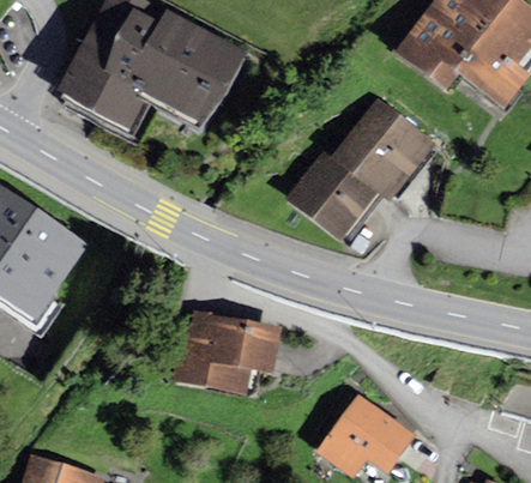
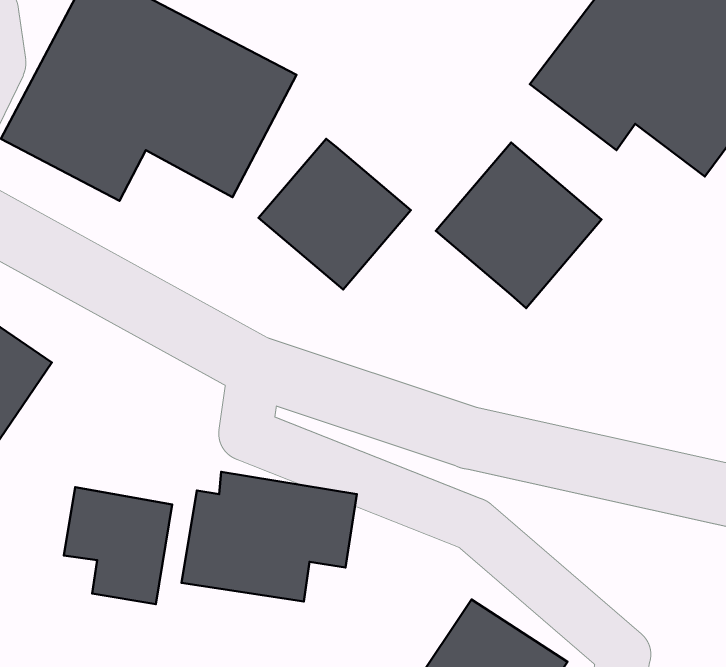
building: [282,150,379,246] -> [259,139,411,289]
building: none -> [64,487,172,604]

